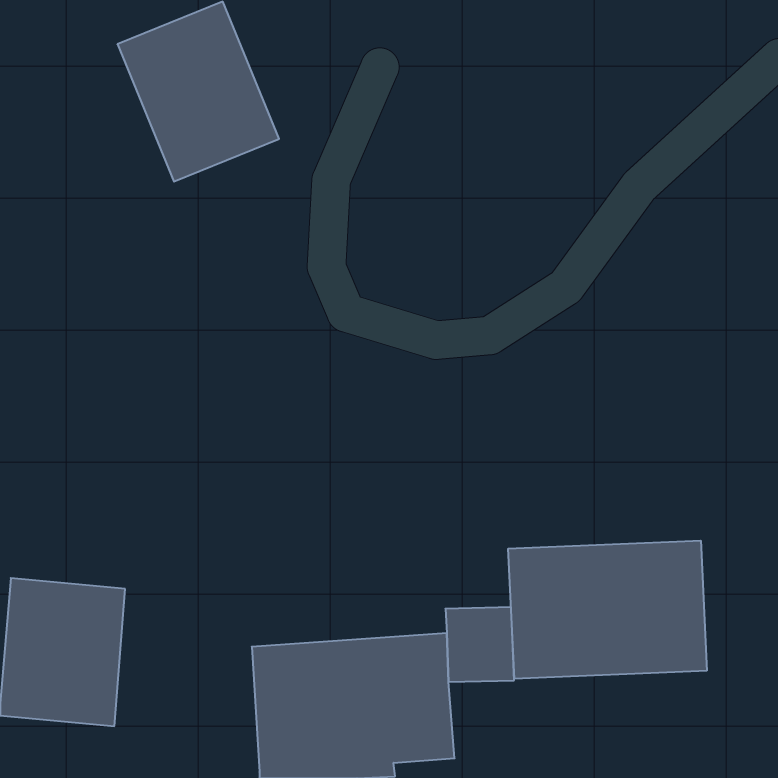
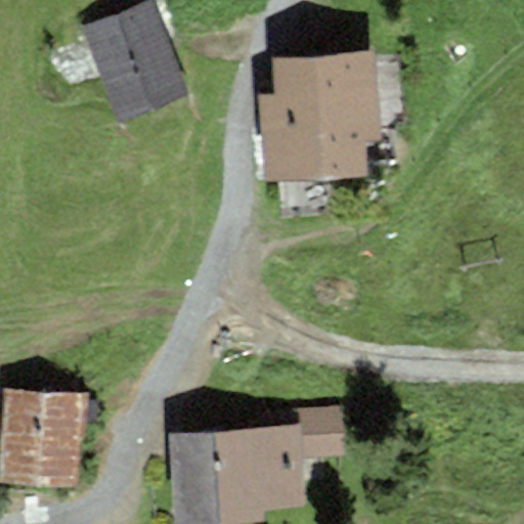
building: none -> [258,50,384,181]
building: [508,541,707,679] -> none

